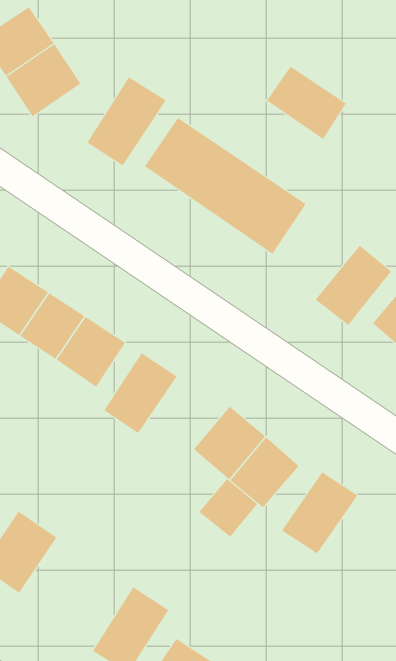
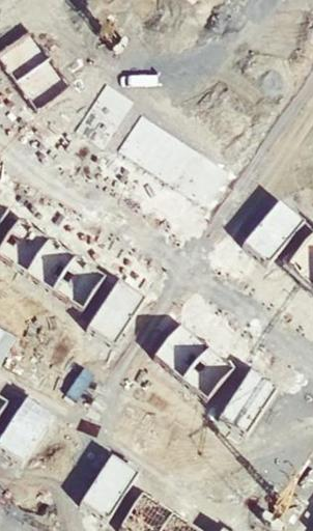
building: [266,66,346,140] -> none
building: [198,478,258,538] -> none

